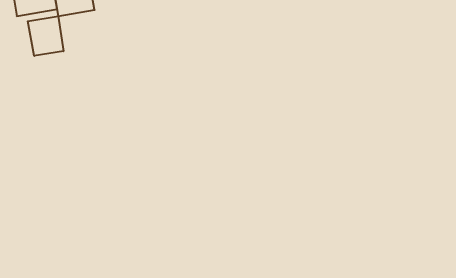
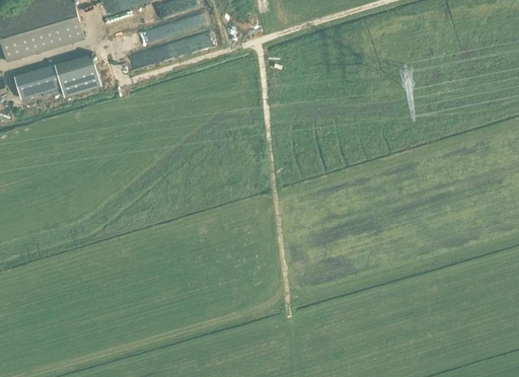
building: [28,16,63,56] -> none

